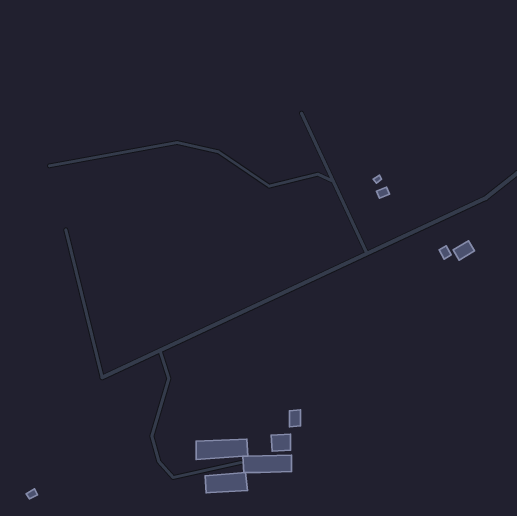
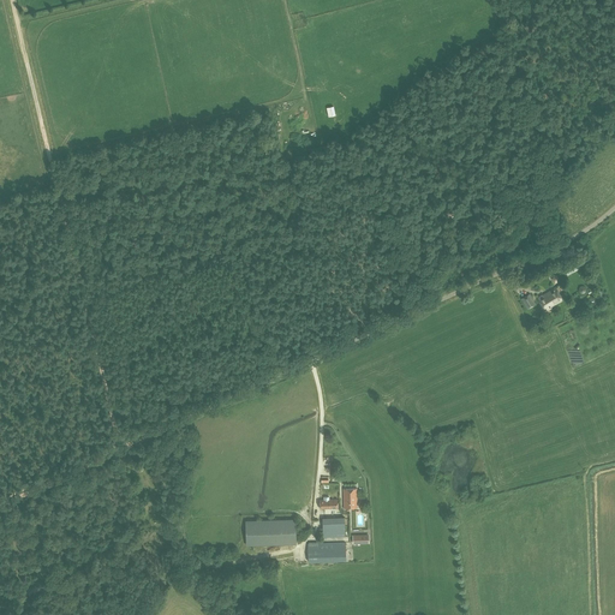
building: [205,472,247,493] -> none

